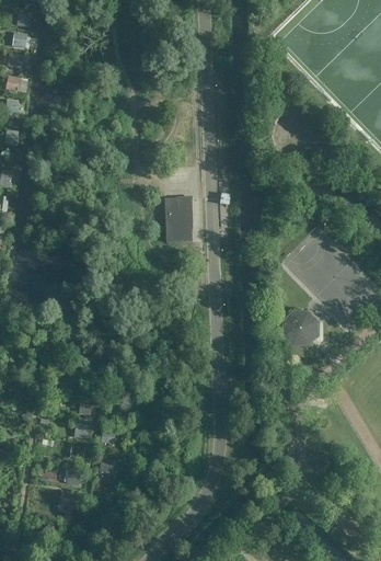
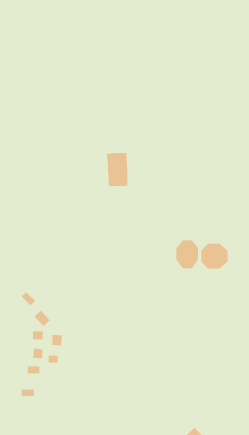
building: none -> [176,239,199,269]

